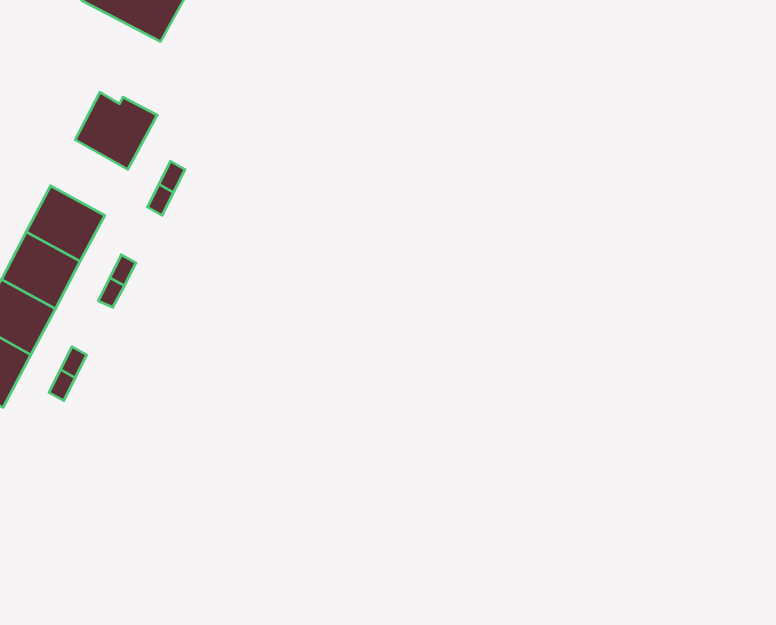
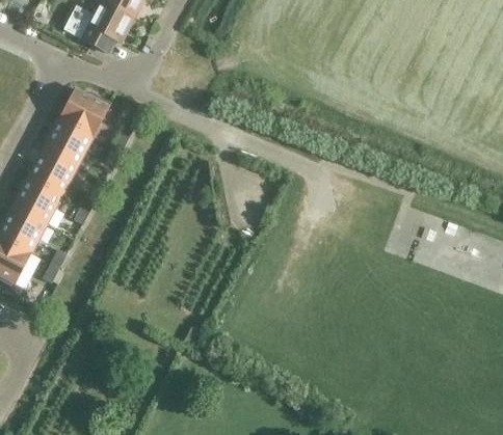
building: none -> [43,117,91,165]

